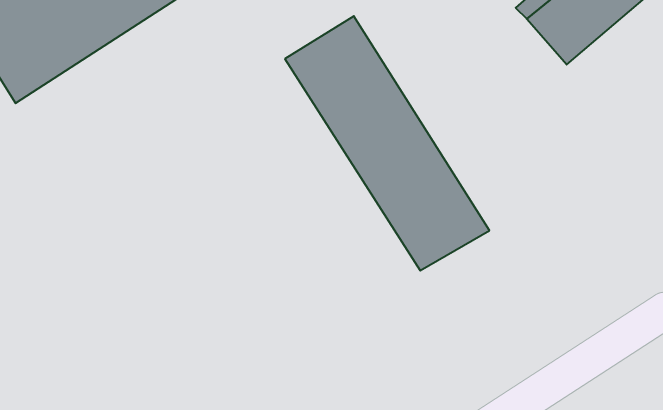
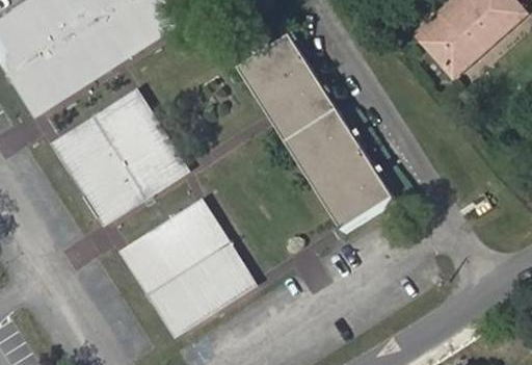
building: none -> [64,105,174,215]
building: none -> [134,217,241,325]

